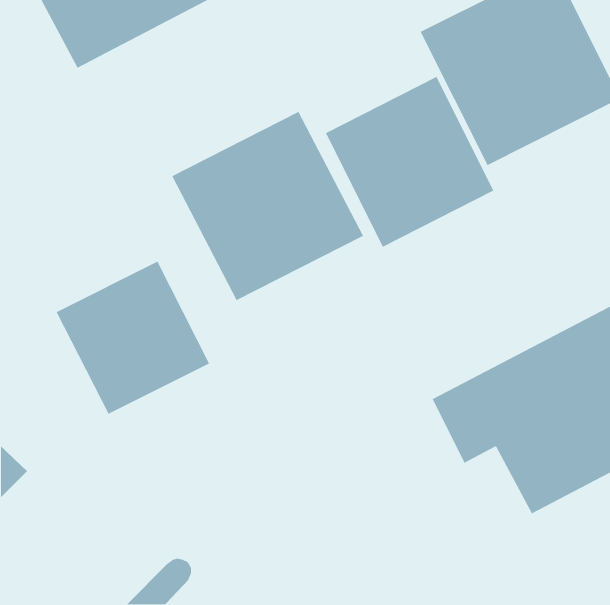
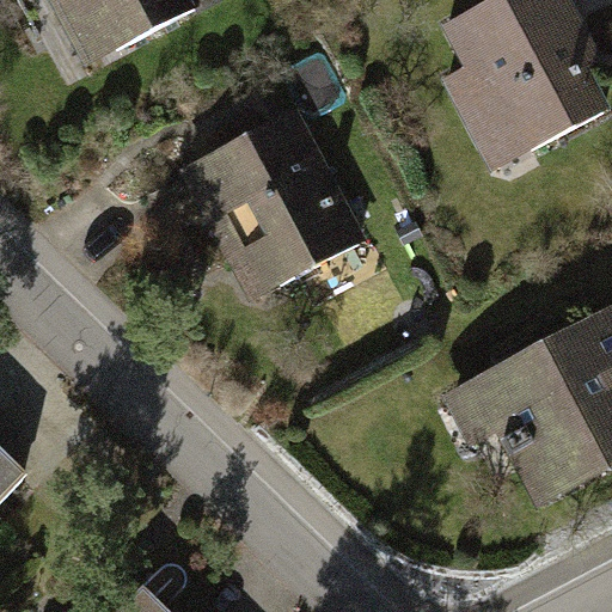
building: [325,76,494,248] -> none
building: [55,261,210,415] -> none

